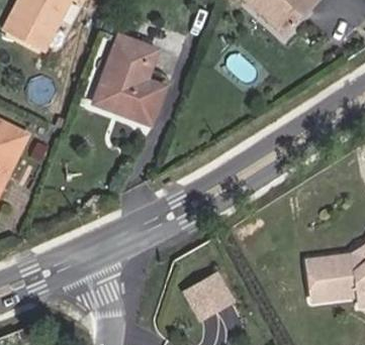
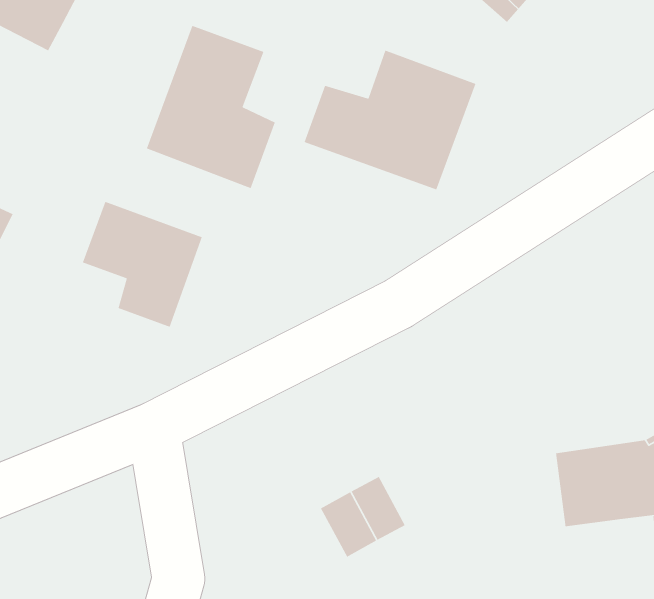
building: none -> [303,50,477,191]
building: none -> [82,201,203,328]

